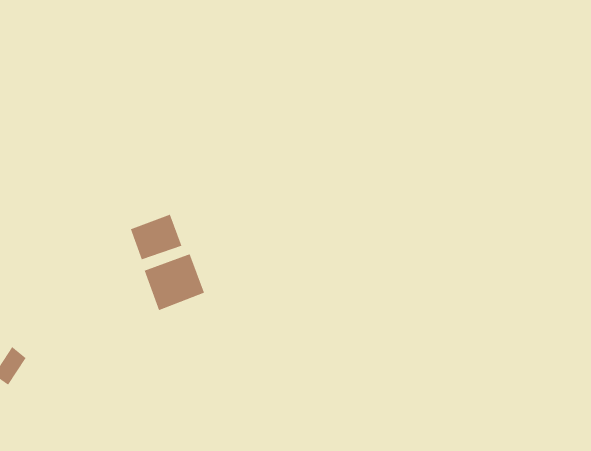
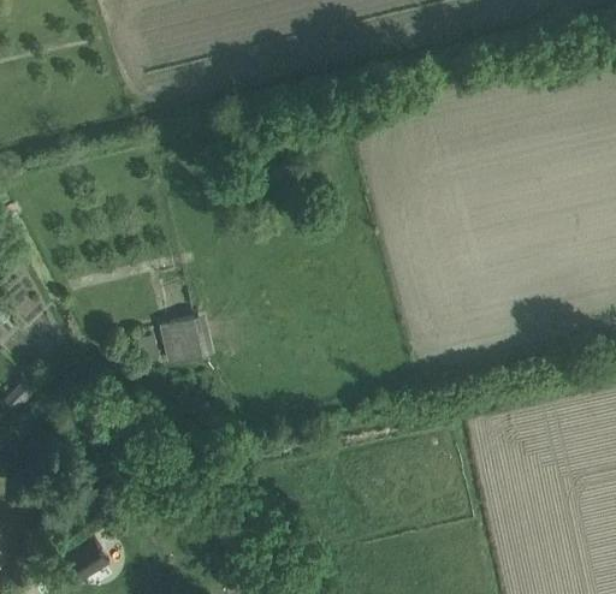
building: [130,214,182,260] -> none

